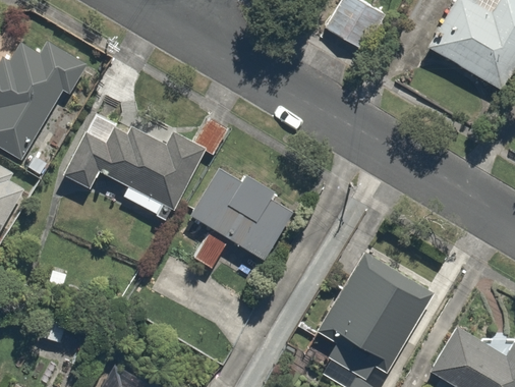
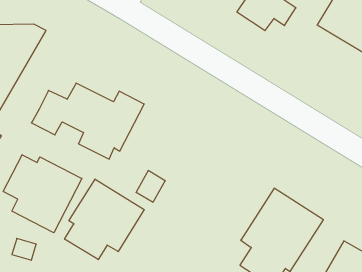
building: [188,166,294,260] -> none
building: none -> [3,155,82,233]
building: none -> [65,179,144,260]

